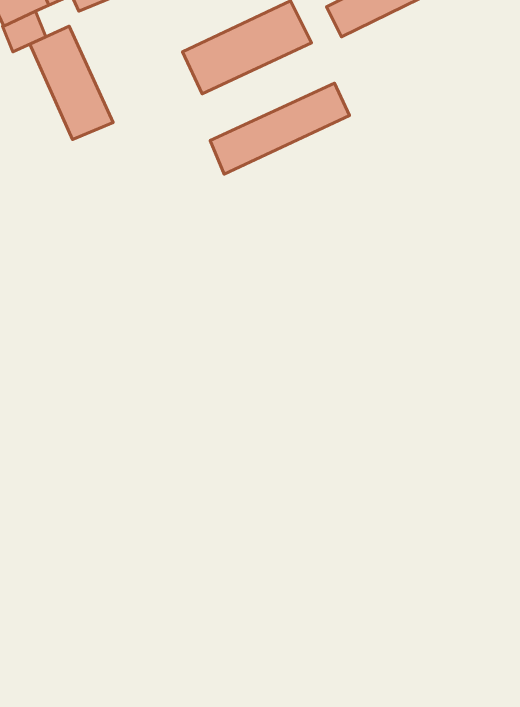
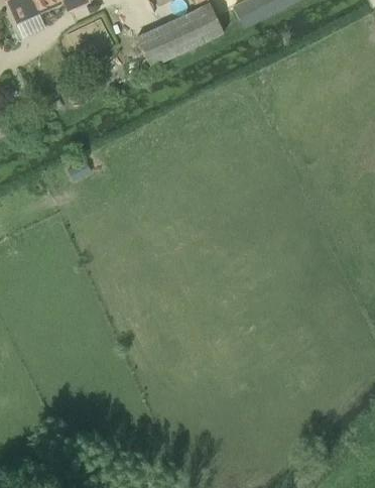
building: [30,26,113,140] -> none
building: [210,83,350,174] -> none

